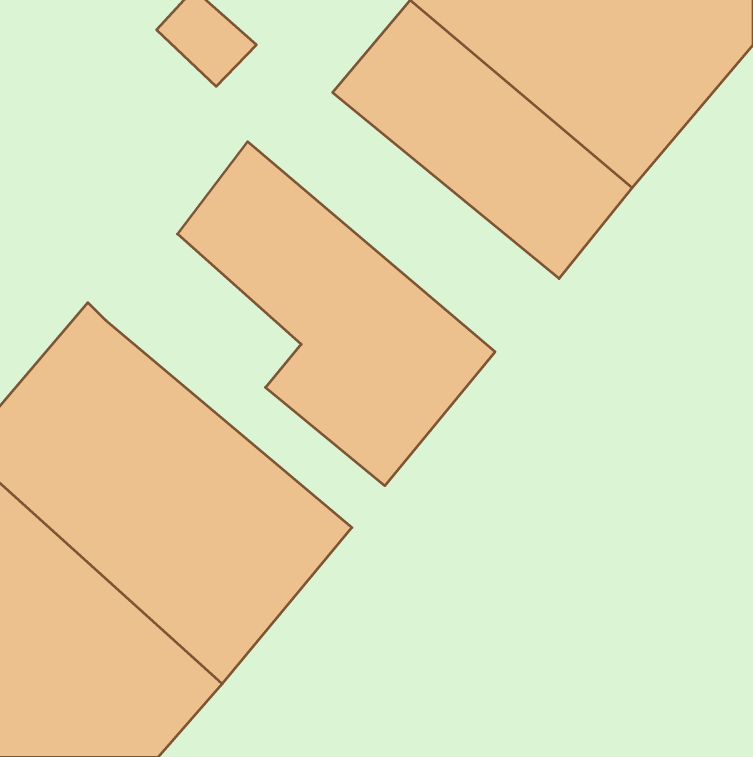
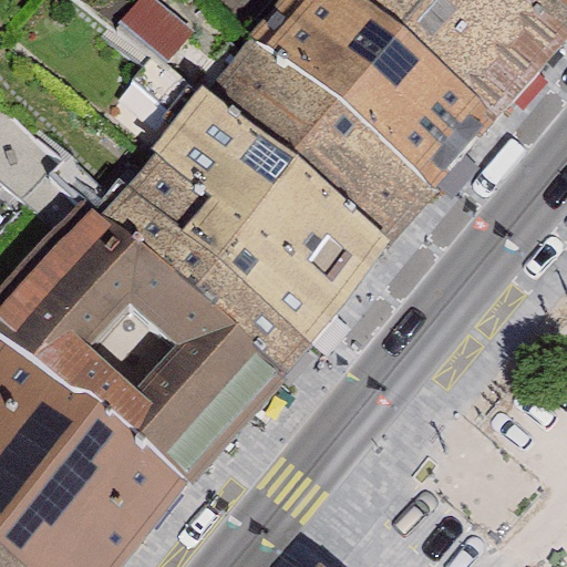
building: none -> [184,54,415,261]
building: none -> [79,174,286,392]

